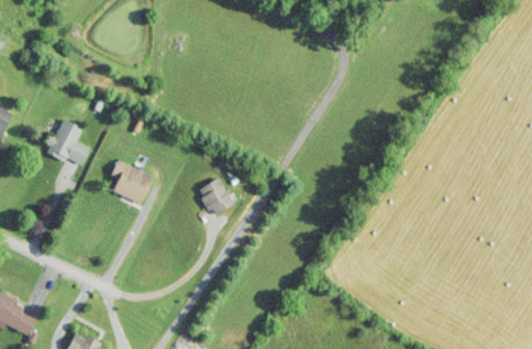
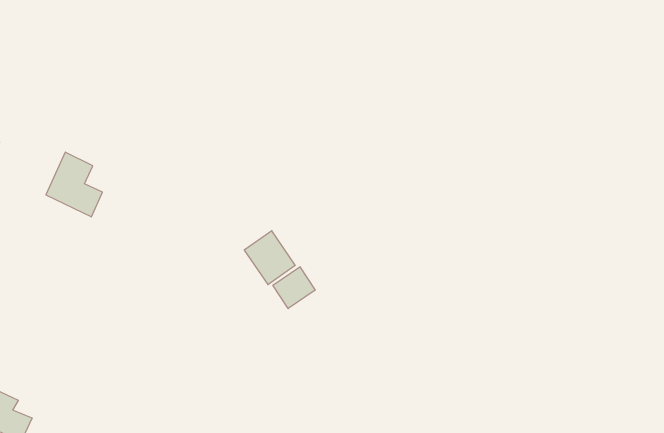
building: [109,159,153,205] -> none
building: none -> [273,267,315,309]

